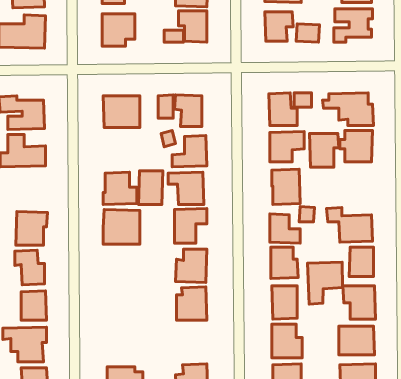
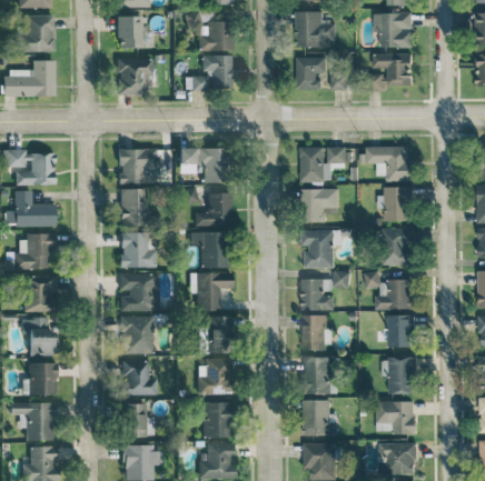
building: [309,134,339,167] -> [383,228,415,264]
building: [139,171,163,204] -> [120,189,147,226]
building: none -> [14,234,55,269]
building: none -> [121,315,154,354]
building: [308,262,343,304] -> none
building: none -> [121,360,157,395]
building: none -> [201,402,232,438]
building: none -> [125,403,155,437]

